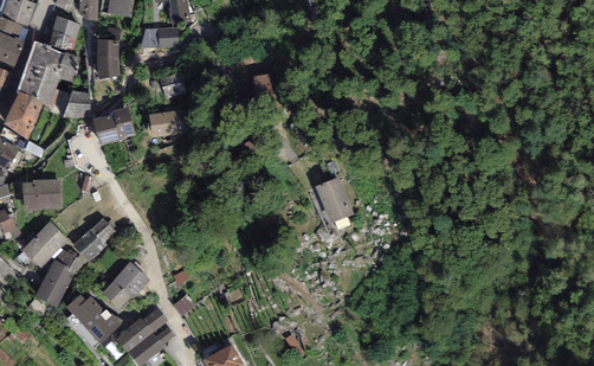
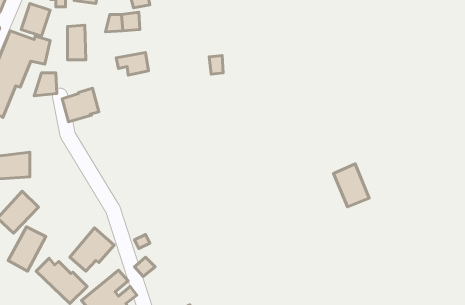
building: [149,109,181,135] -> none
building: [315,176,354,224] -> [334,164,369,207]
building: [72,217,115,262] -> none

